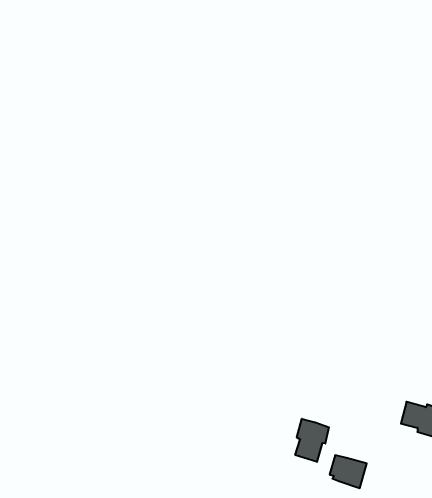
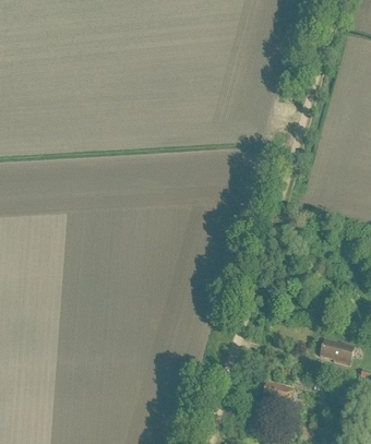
building: [295,419,329,462] -> none

